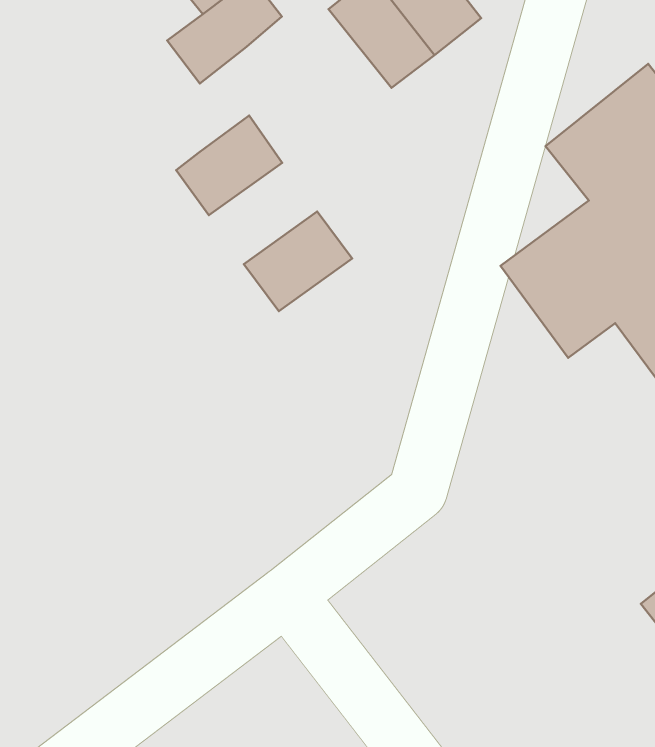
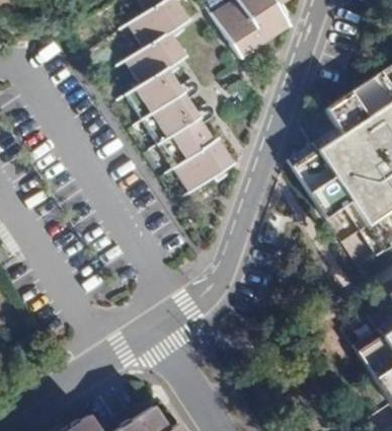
building: none -> [123,35,182,88]
building: none -> [141,96,197,147]
building: none -> [173,146,232,198]

